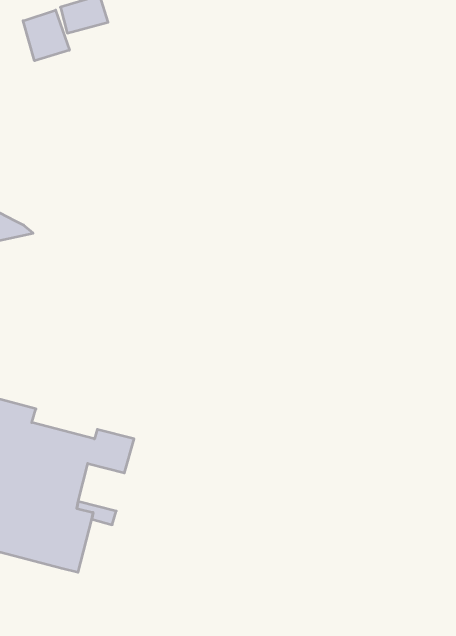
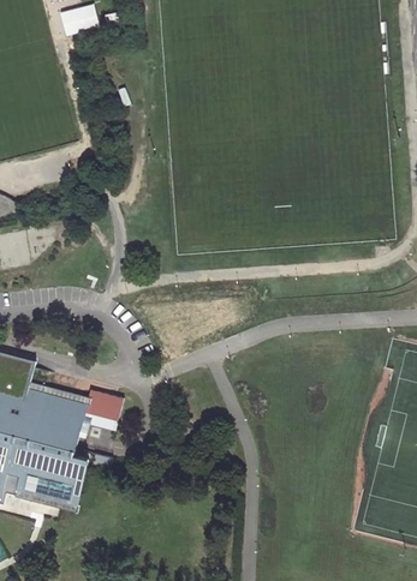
building: [23,10,69,61] -> none

